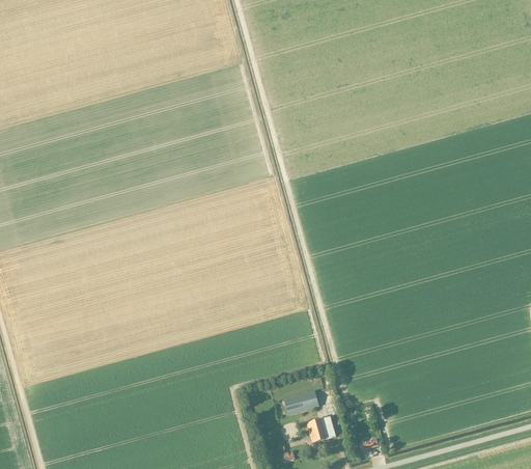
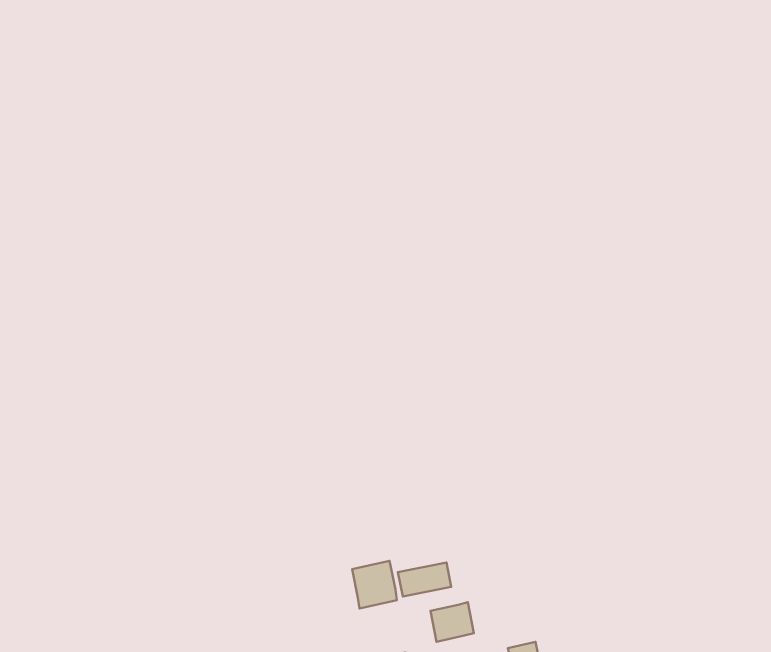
building: none -> [352,561,397,608]

